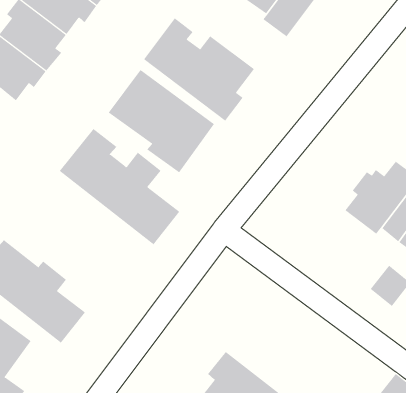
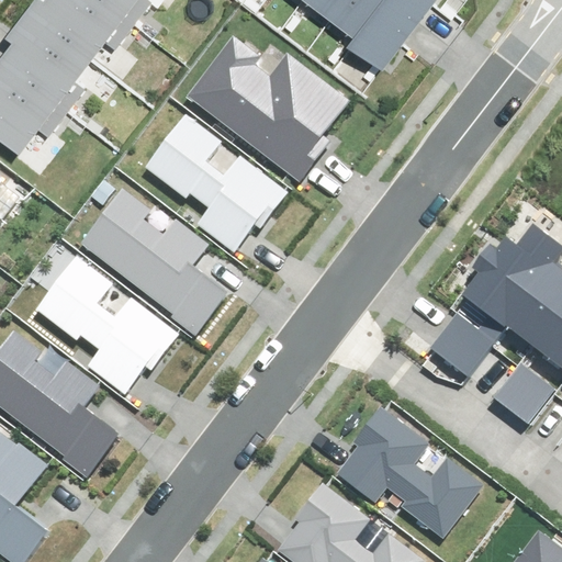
building: none -> [31,251,182,396]
building: none -> [430,315,493,376]
building: none -> [330,403,470,532]

